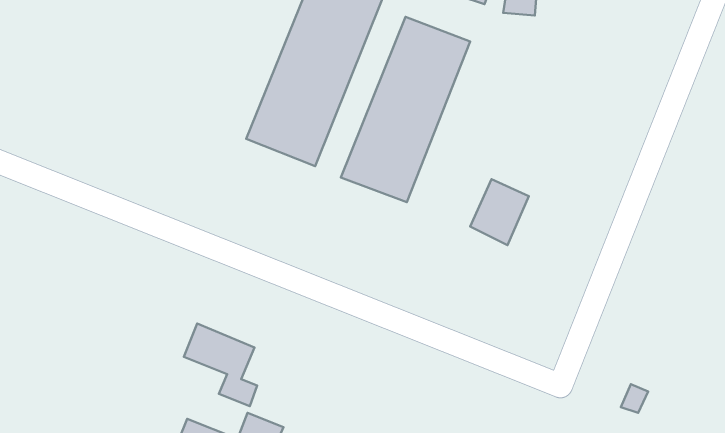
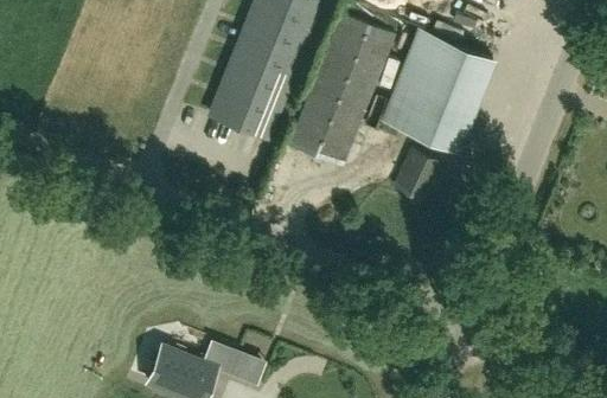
building: none -> [381,30,492,152]
building: [184,324,257,406] -> none

